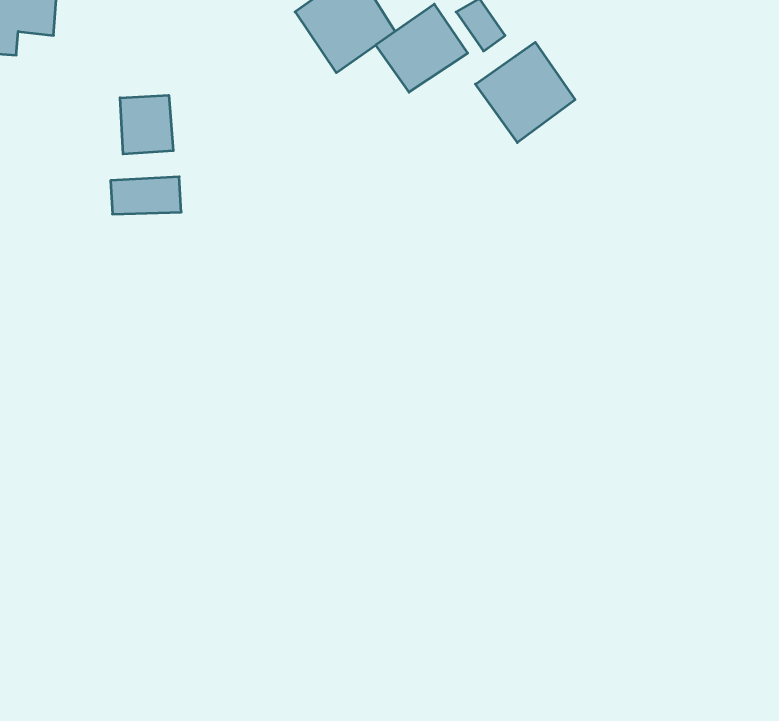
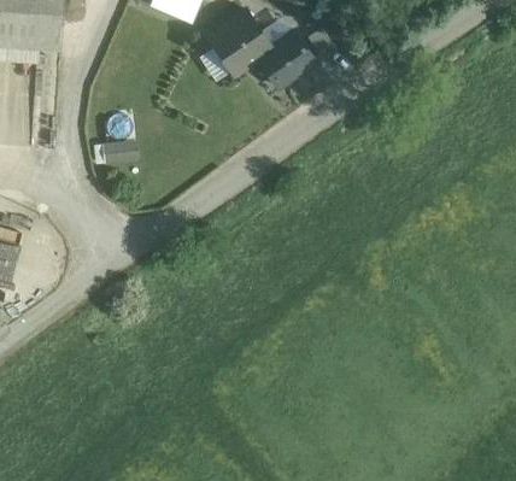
building: [475,42,575,143] -> none
building: [120,95,173,154] -> none

